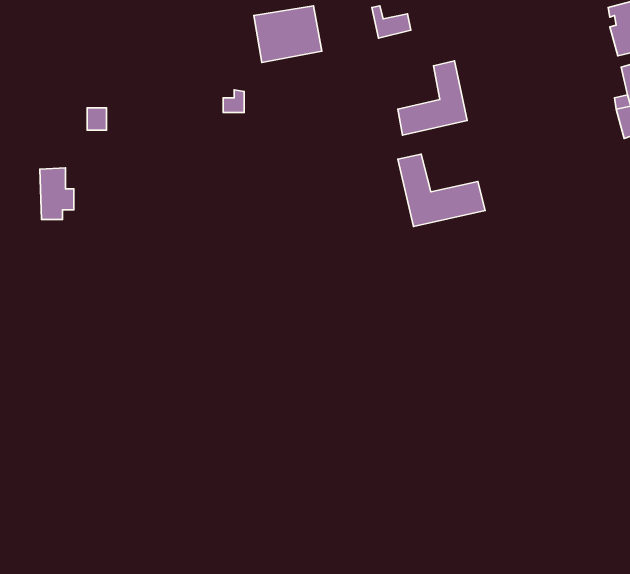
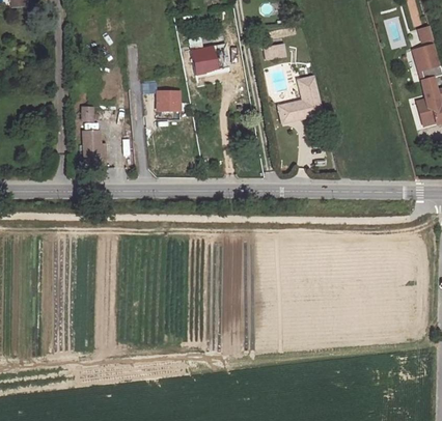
building: [398,154,485,226] -> none
building: [40,168,74,219] -> [83,129,105,162]

